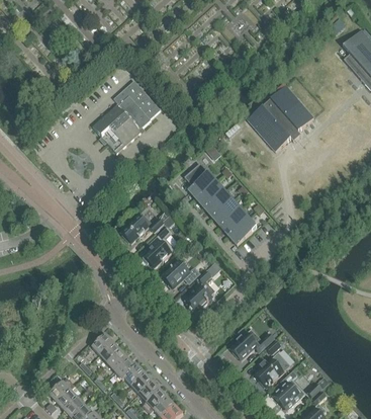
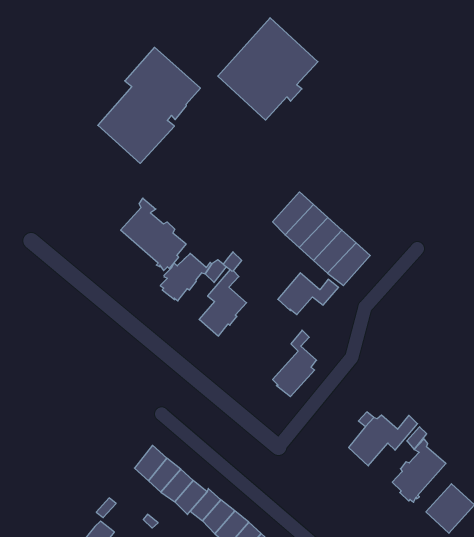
building: [247,85,311,150] -> [218,18,318,120]
building: [183,162,215,198] -> none
building: none -> [121,198,186,271]
building: [162,260,201,286] -> [278,273,339,315]

